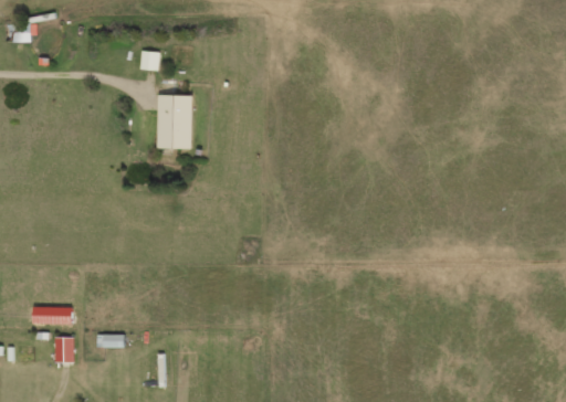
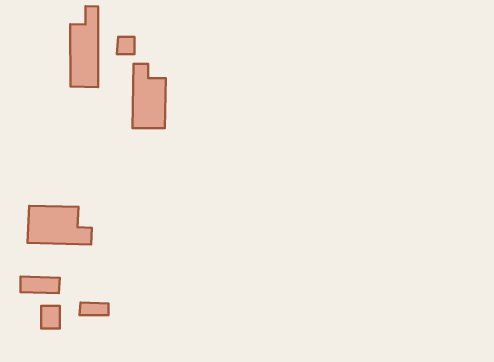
building: none -> [70,6,98,87]
building: none -> [28,206,92,245]

